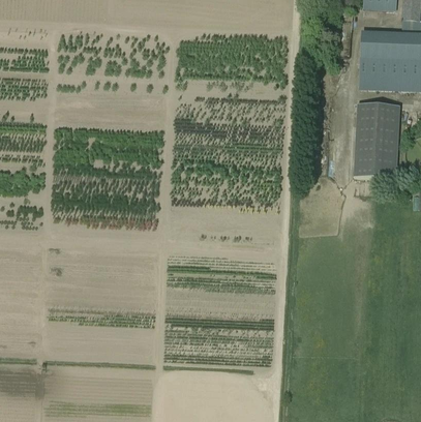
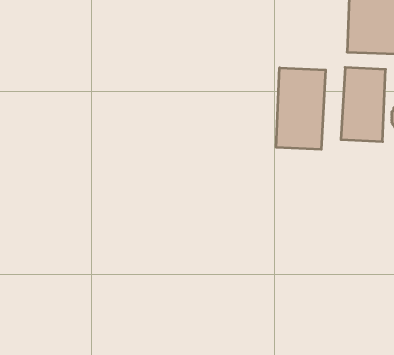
building: none -> [276,68,326,149]

